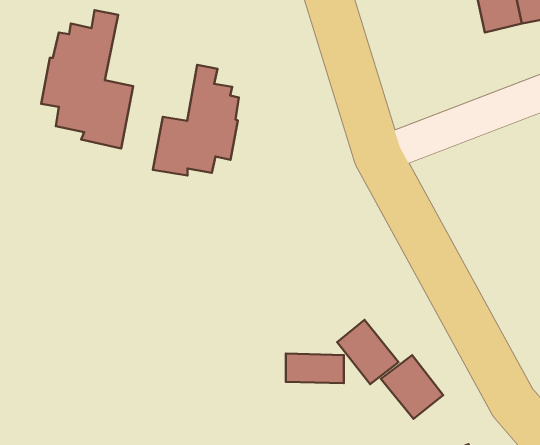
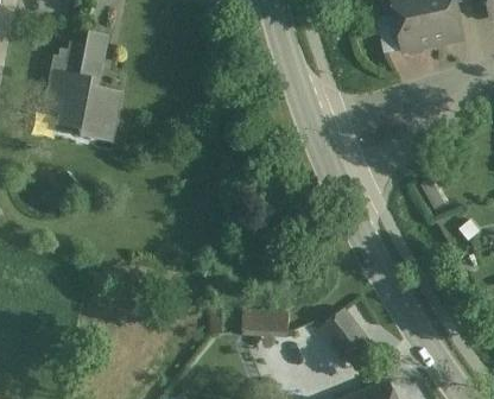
building: [153,65,239,175] -> none
building: [337,320,399,384] -> none

